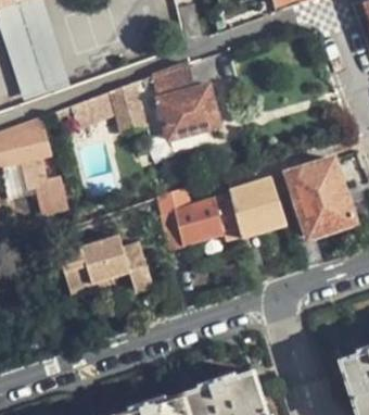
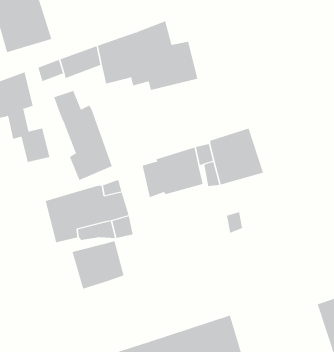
building: none -> [54,90,113,181]
building: [290,156,356,236] -> none
building: none -> [72,240,124,290]

